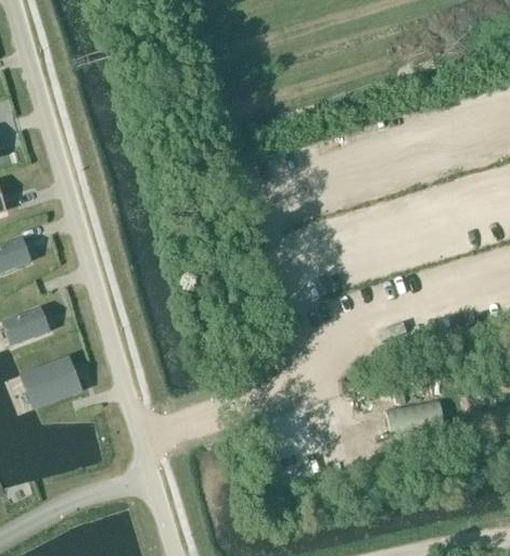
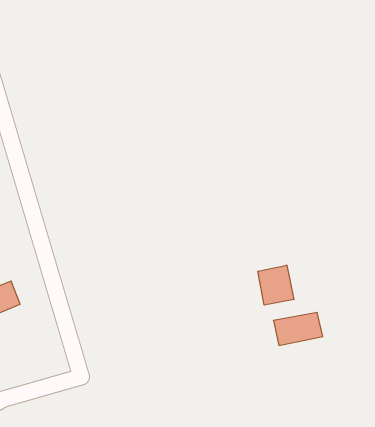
building: none -> [258,265,294,305]

